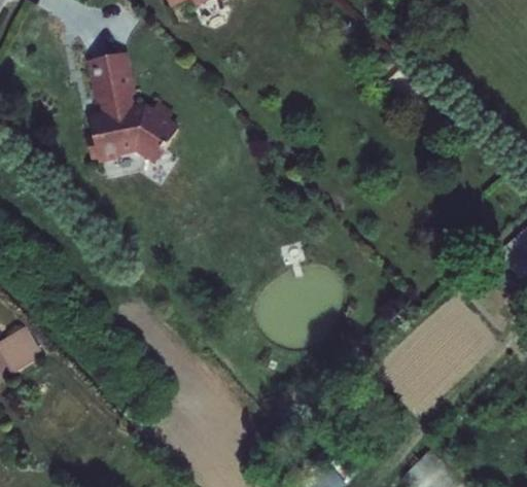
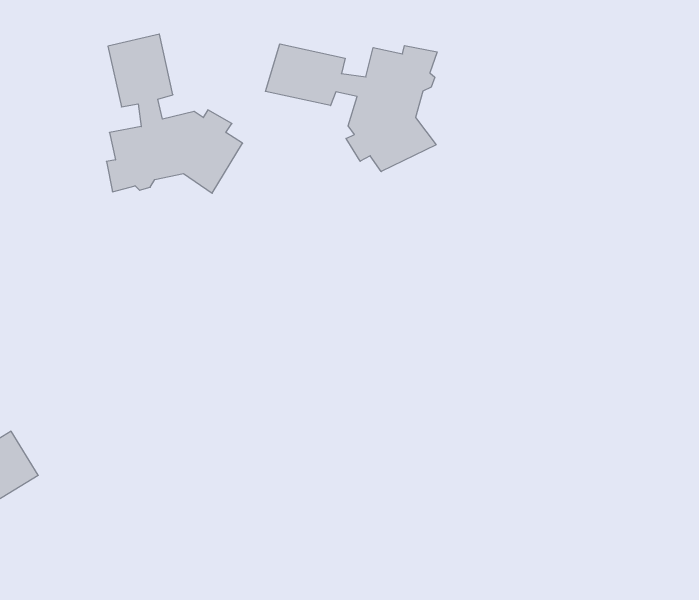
building: none -> [265,44,437,172]

